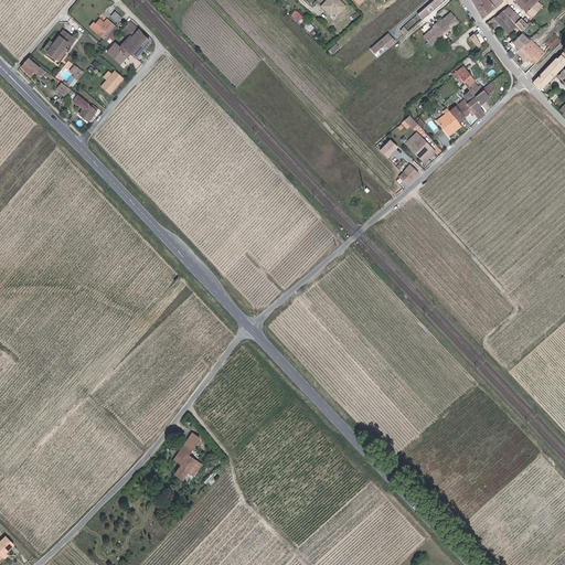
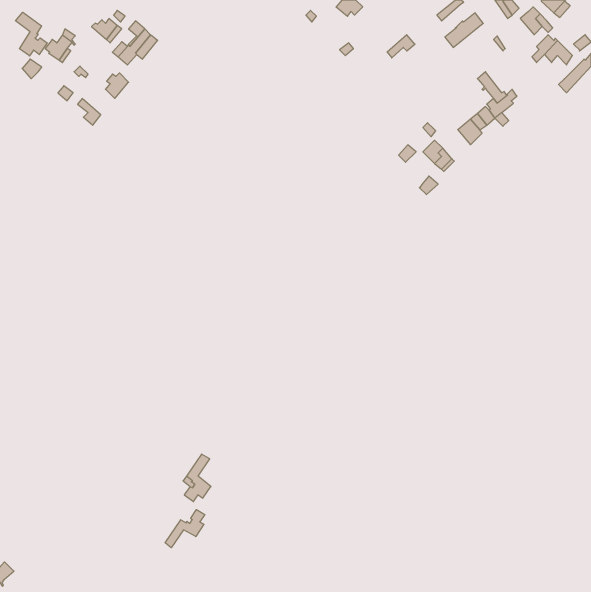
building: none -> [16,12,47,56]
building: none -> [165,510,205,548]

